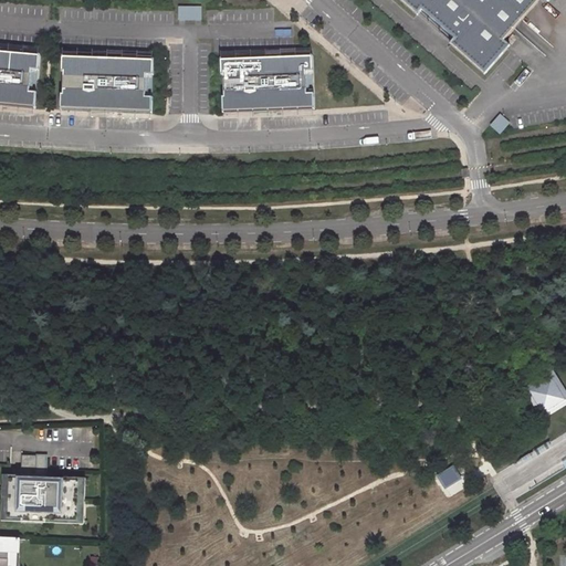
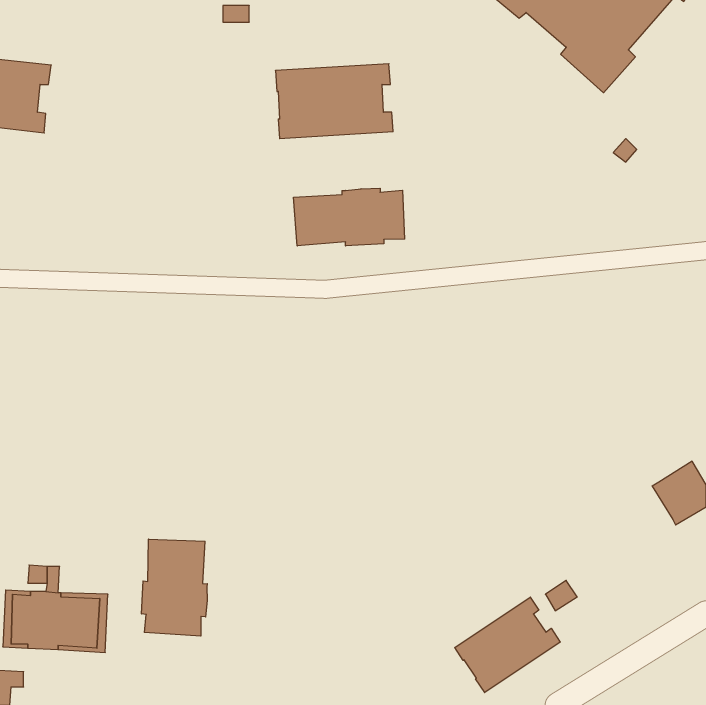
building: [61,53,154,111] -> none
building: none -> [294,188,405,246]
building: none -> [142,539,207,636]
building: none -> [455,597,560,693]

